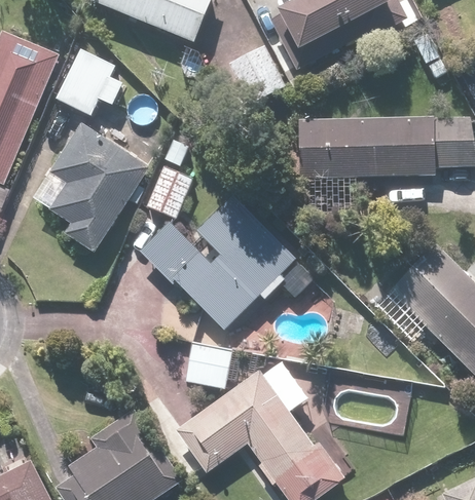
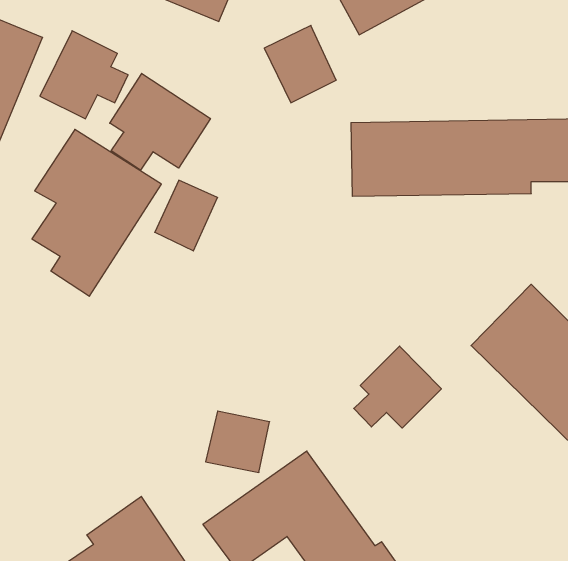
building: none -> [110,73,210,170]
building: [138,193,297,331] -> none
building: none -> [354,346,441,428]

